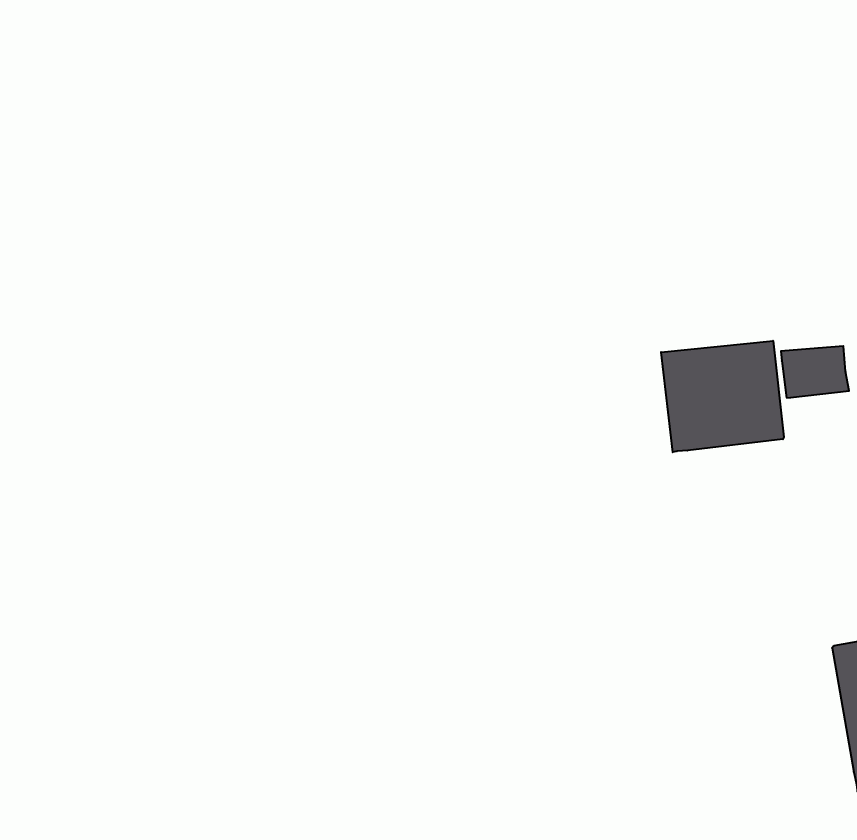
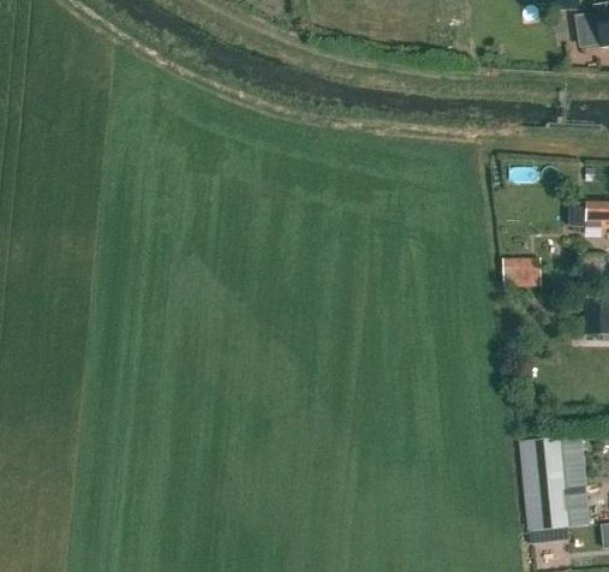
building: [661,341,784,452] -> none

